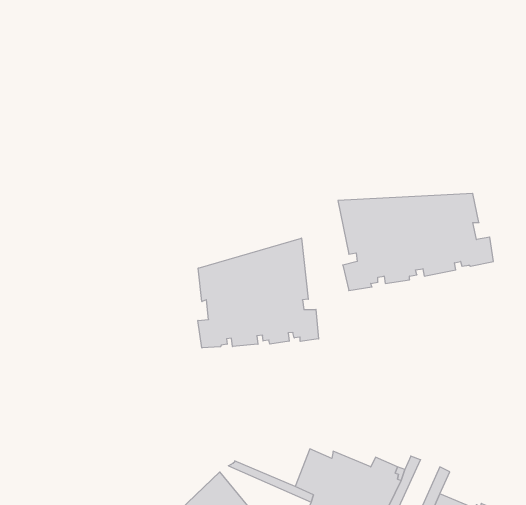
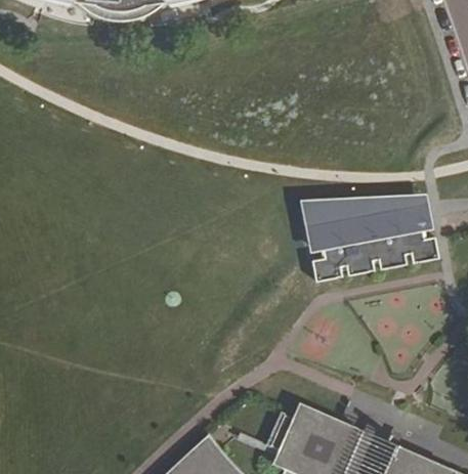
building: [198,238,319,348] -> none

